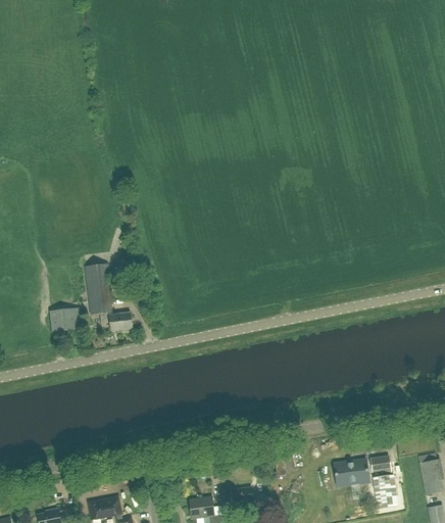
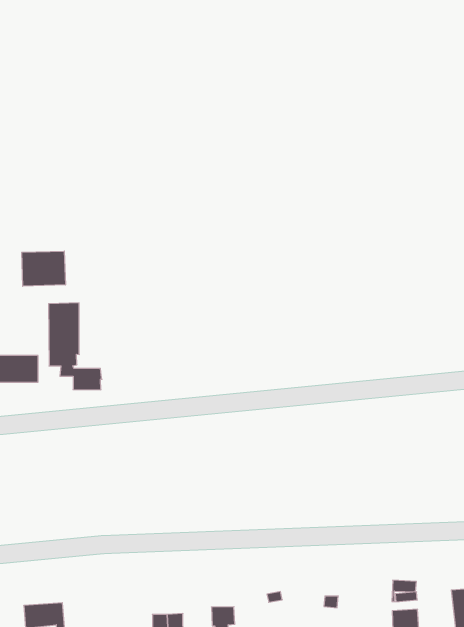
building: none -> [22,251,65,286]
building: [334,459,369,485] -> none

